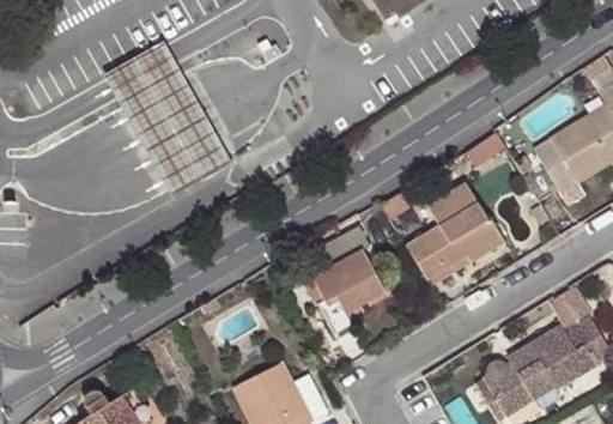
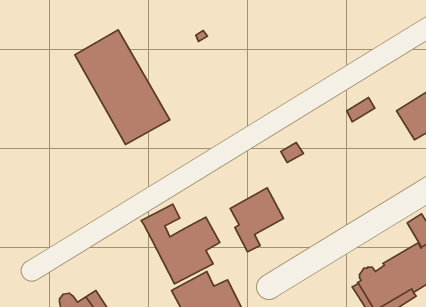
building: [405,183,504,280] -> none
building: none -> [141,204,220,284]

